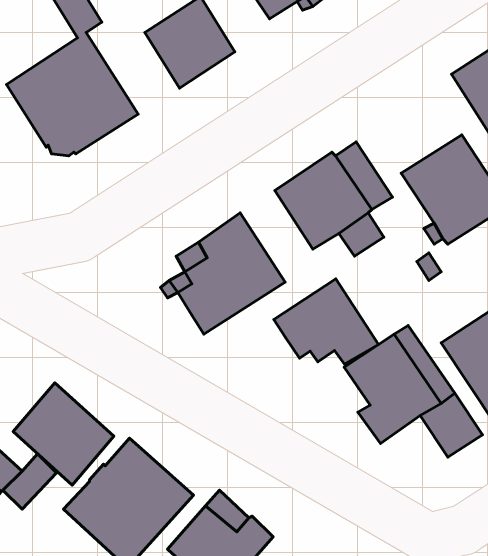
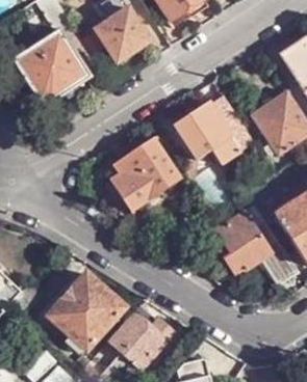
building: [274,279,378,364] -> none
building: [13,383,114,485] -> none

